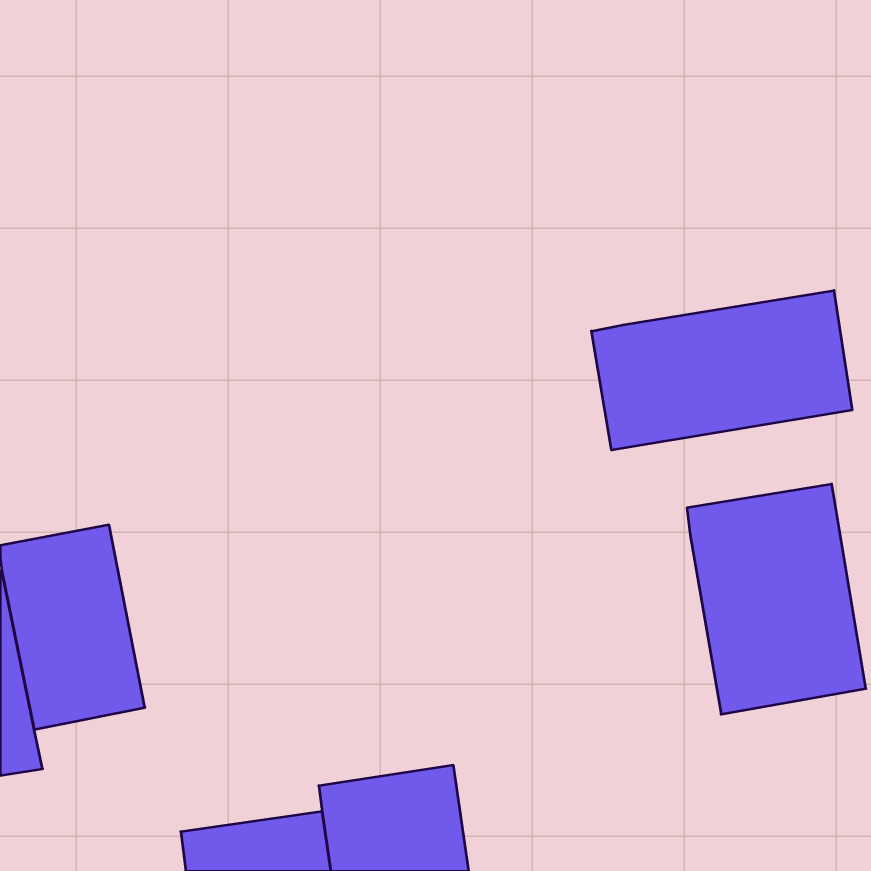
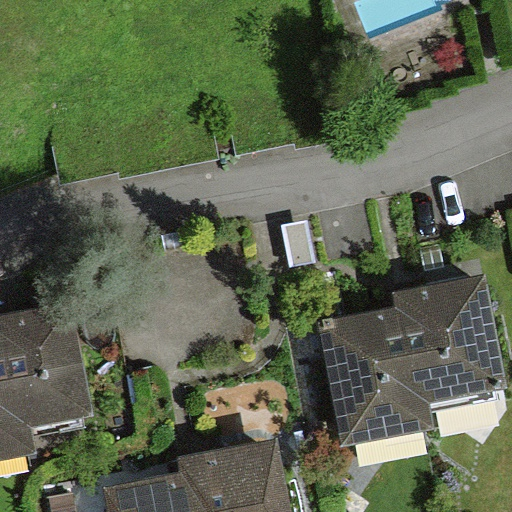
building: [591,290,852,450] -> none
building: none -> [320,314,426,453]

